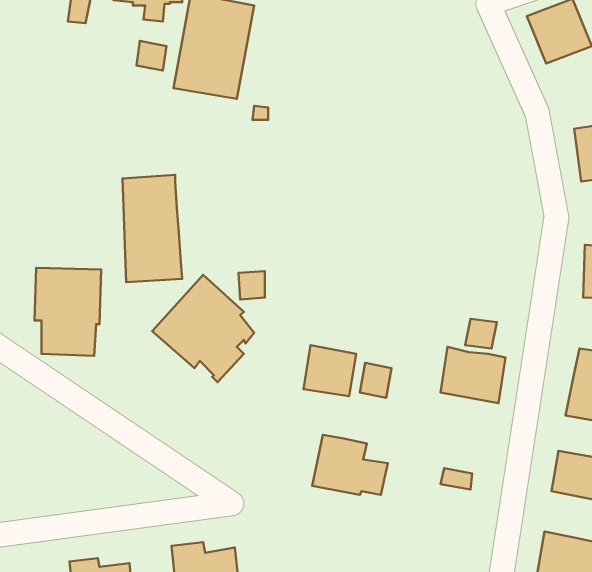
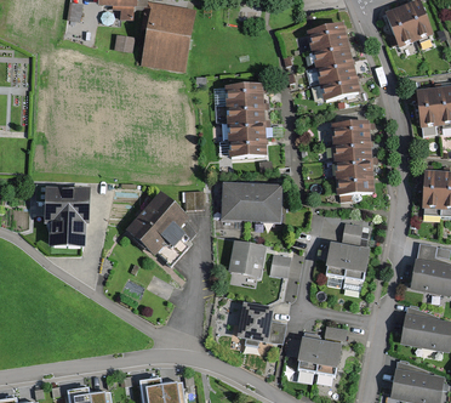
building: none -> [308,24,358,100]
building: none -> [333,124,370,195]
building: [122,175,182,282] -> [226,85,267,159]
building: none -> [221,183,280,222]
building: none -> [287,333,341,378]

